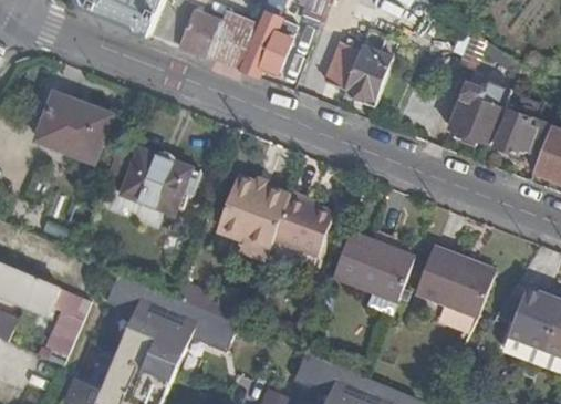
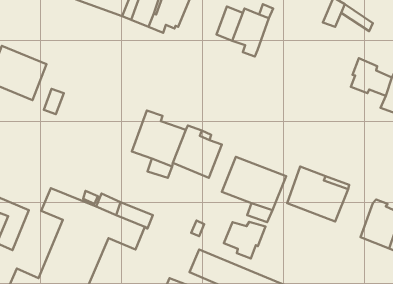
building: [450,81,513,142] -> none
building: [102,148,200,227] -> none
building: none -> [224,222,265,259]

